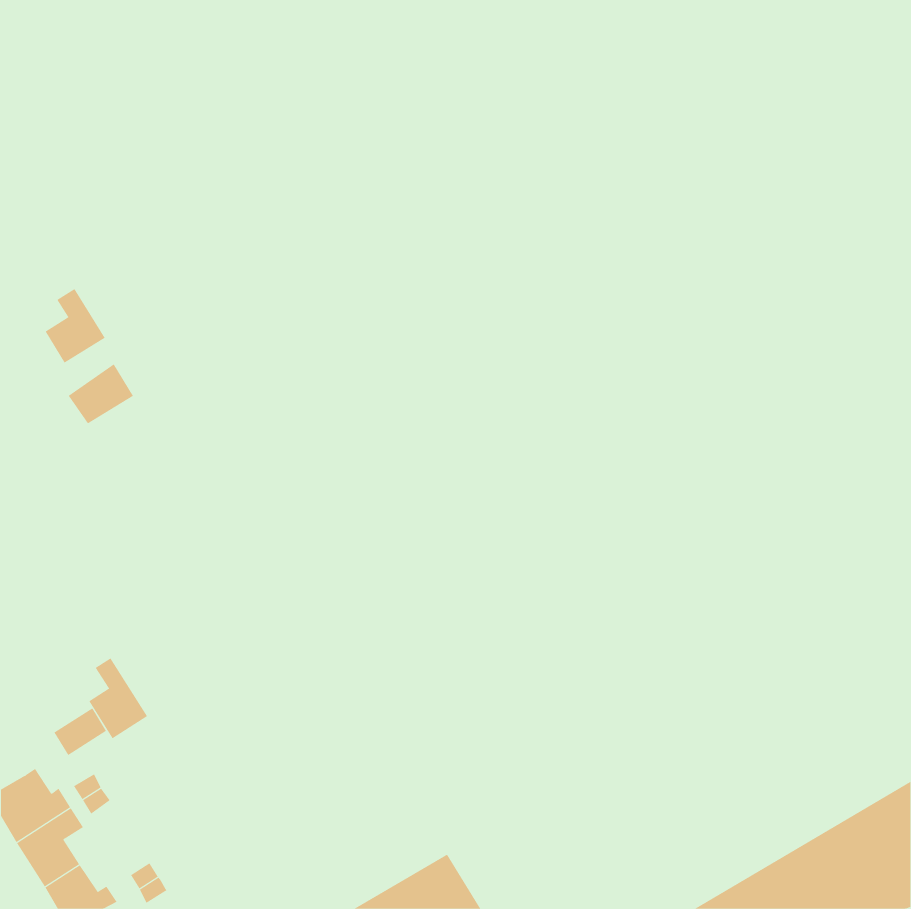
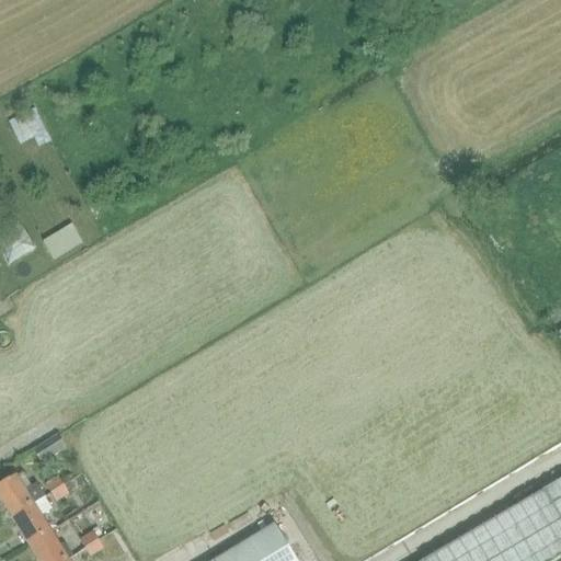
building: [45,288,105,364] -> none
building: [88,657,148,739] -> none

